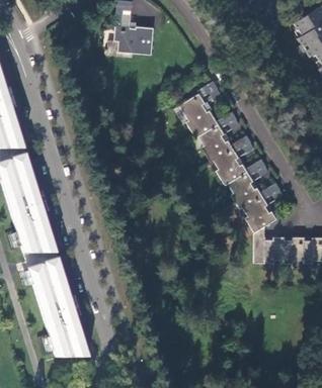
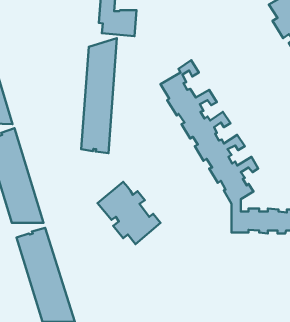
building: none -> [81,38,117,153]
building: none -> [97,182,161,244]

